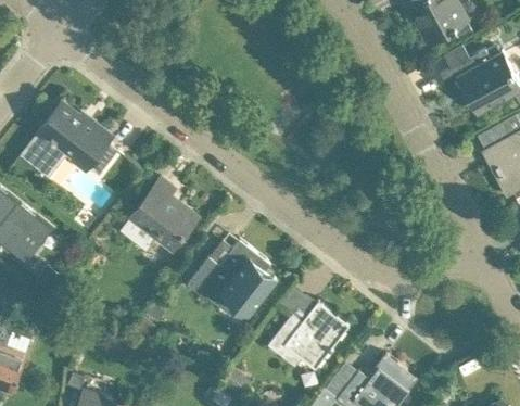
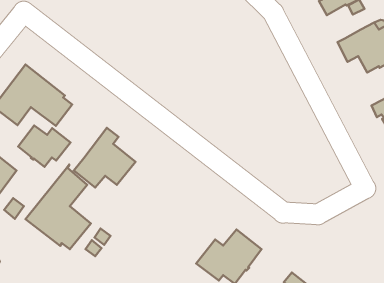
building: none -> [18,126,71,167]
building: none -> [26,164,91,249]
building: [188,240,276,313] -> none

